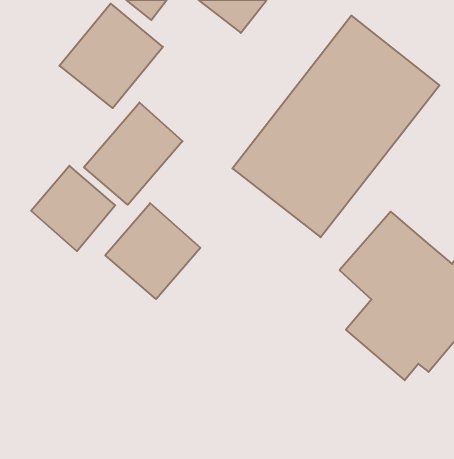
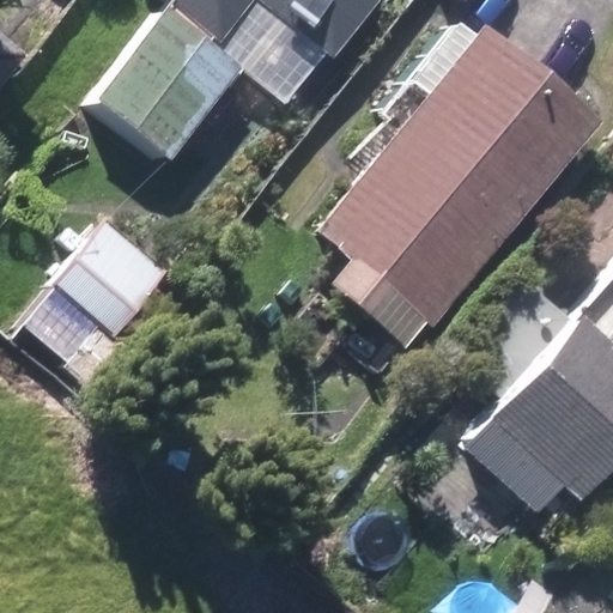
building: [84,102,183,205] -> none
building: [105,203,200,299] -> none

